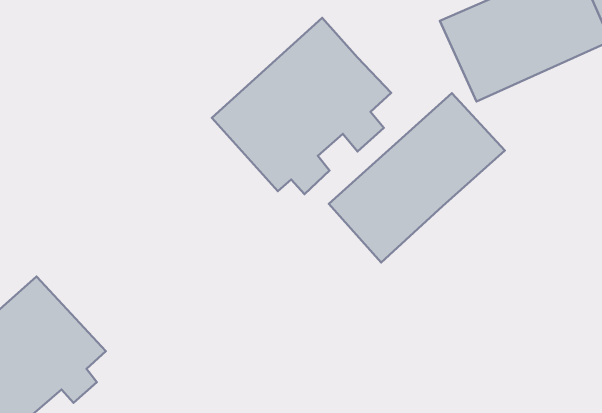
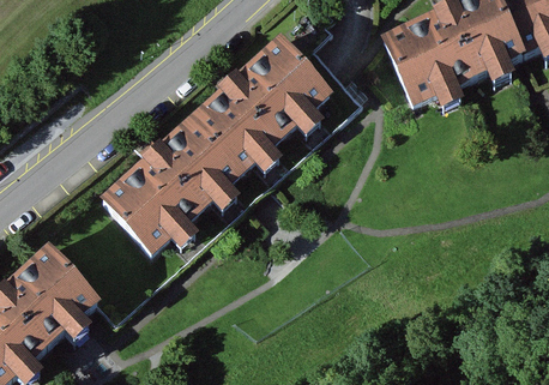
building: [329,93,505,262] -> none
building: none -> [103,115,249,257]

